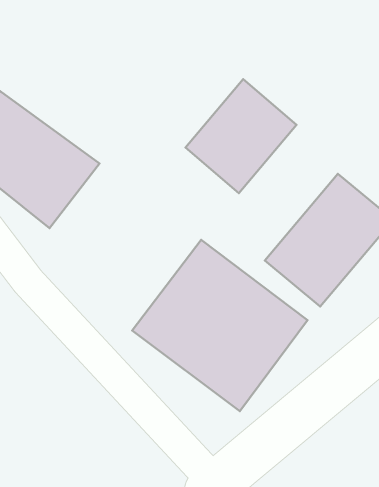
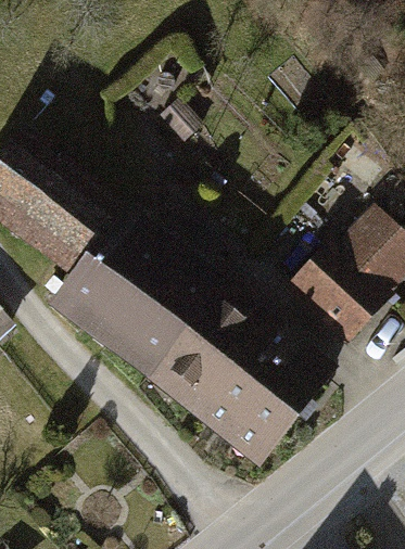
building: [185,79,296,193] -> none
building: none -> [42,205,219,379]

